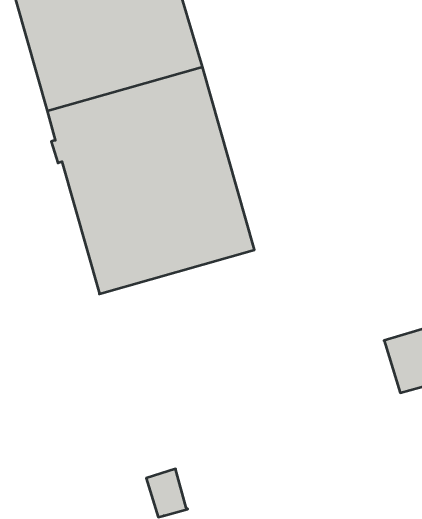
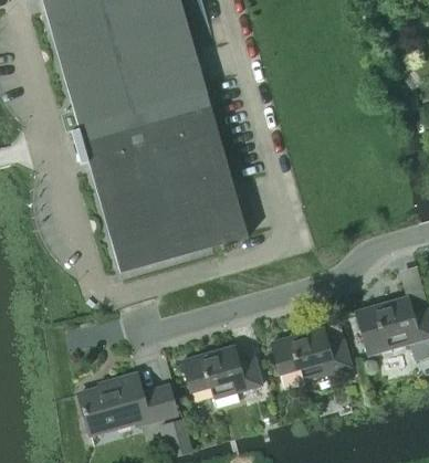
building: none -> [272,327,352,387]
building: none -> [182,345,263,406]
building: none -> [80,372,177,430]

